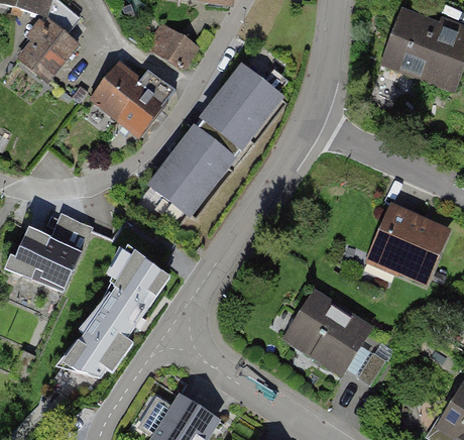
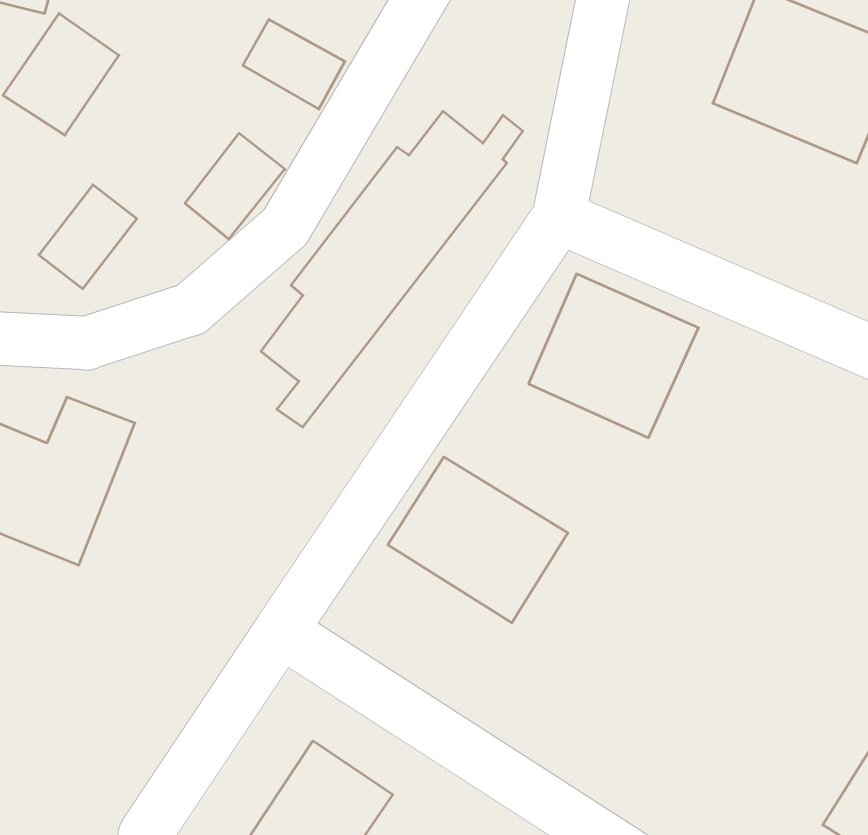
building: [95,64,144,116] -> [39,185,137,289]
building: [367,203,453,286] -> [529,274,699,438]
building: [63,255,167,376] -> none
building: [287,290,378,373] -> [388,457,568,623]

